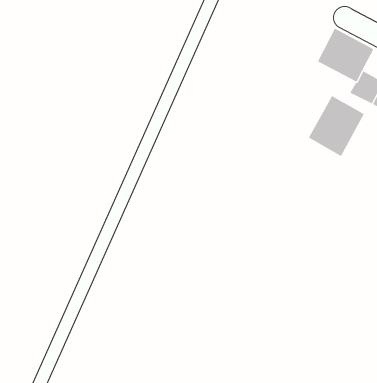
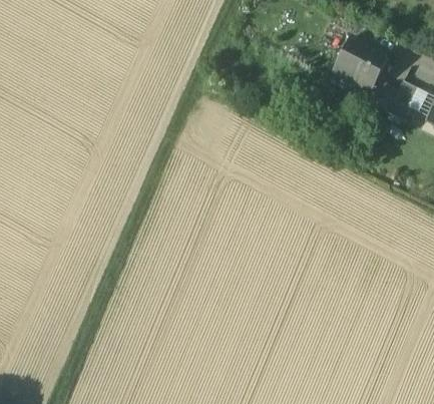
building: [308,95,365,157] -> none

